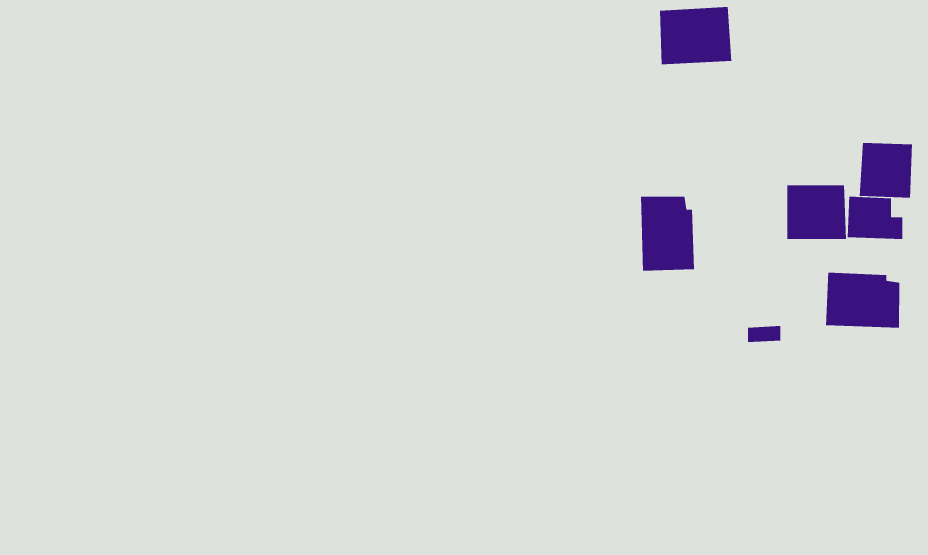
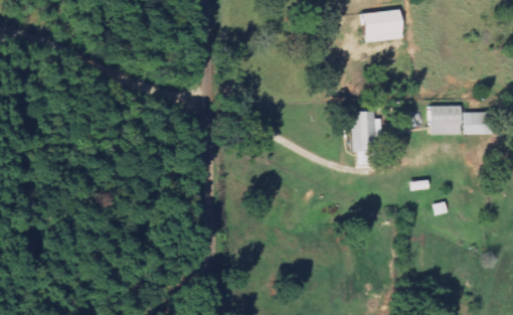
building: [859,142,912,198] -> none
building: [825,272,900,328] -> none

